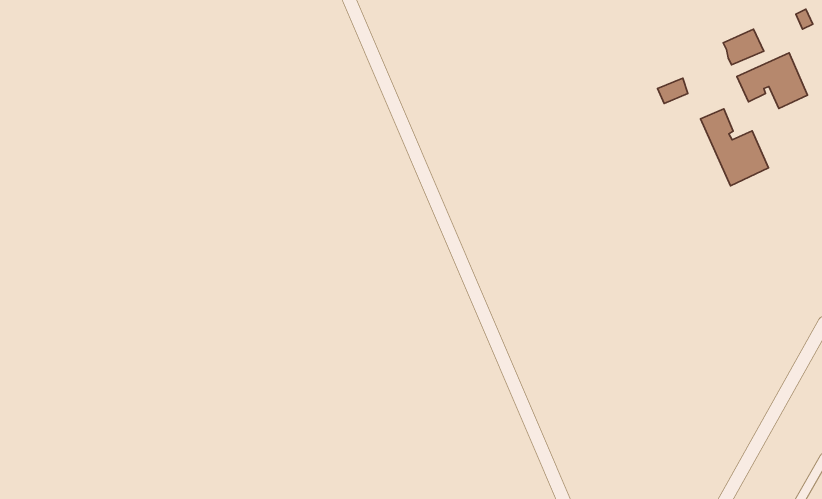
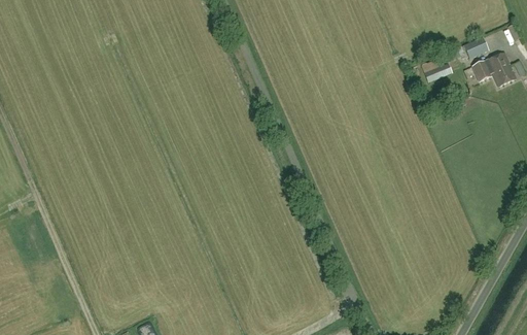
building: [700,109,768,186] -> none

